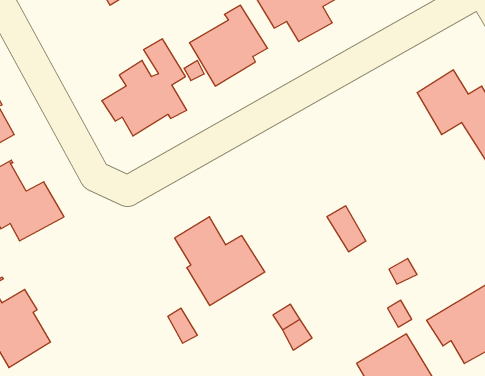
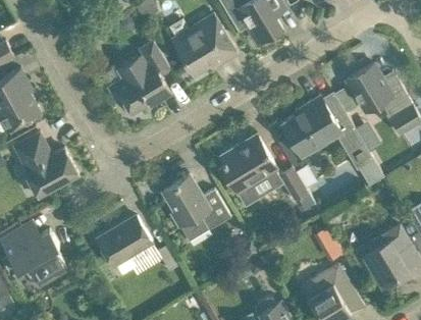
building: none -> [281,94,373,169]
building: none -> [220,136,278,195]
building: none -> [97,217,152,275]

